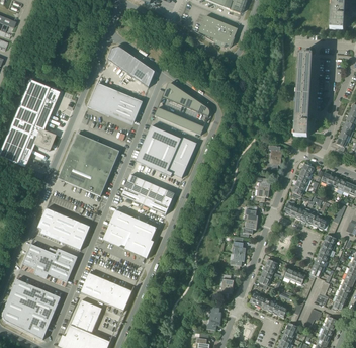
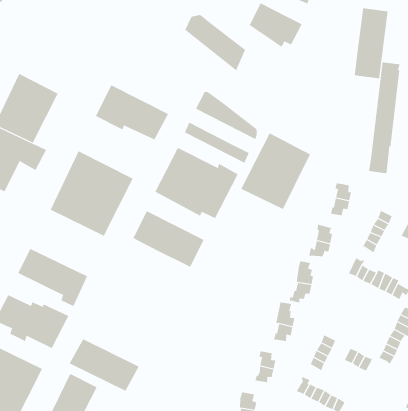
building: none -> [354,8,388,79]
building: [108,47,155,87] -> [185,14,246,71]
building: none -> [240,133,311,210]
building: [103,209,157,258] -> none

